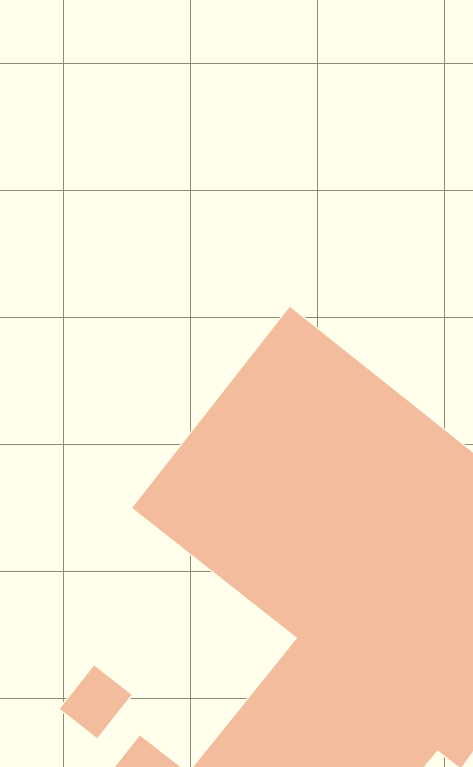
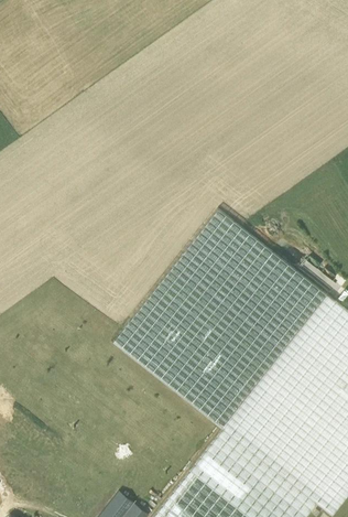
building: [59,665,132,739] -> none

